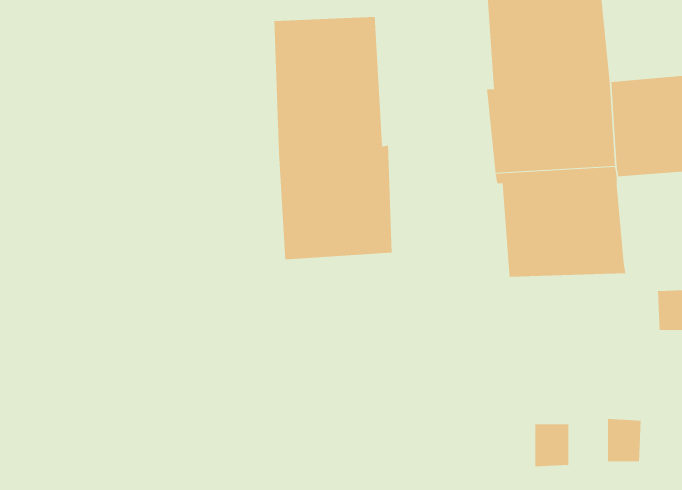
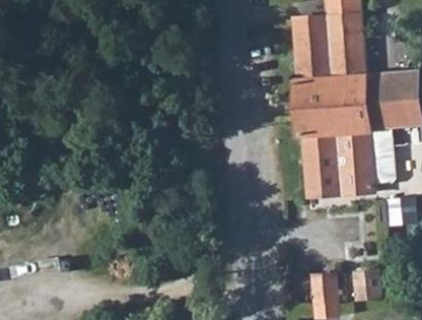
building: [274,16,392,260] -> none
building: none -> [367,136,397,182]

